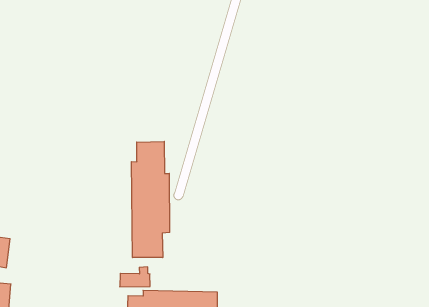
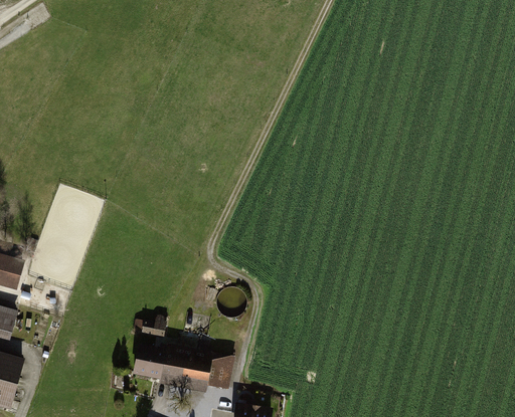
building: [131,141,170,258] -> none

